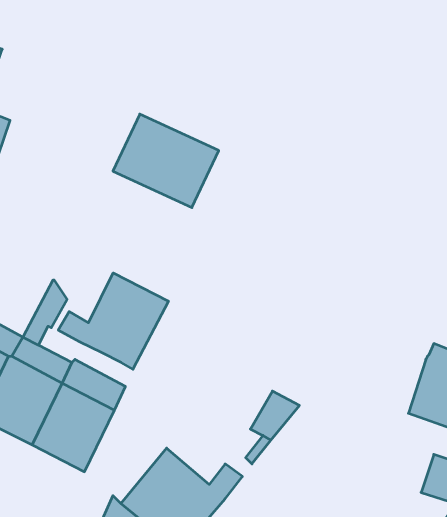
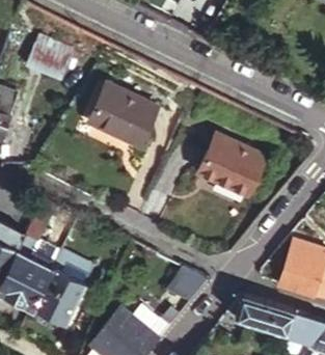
building: none -> [28,37,76,82]
building: none -> [195,139,263,200]
building: [58,273,168,369] -> none
building: none -> [234,294,296,336]

